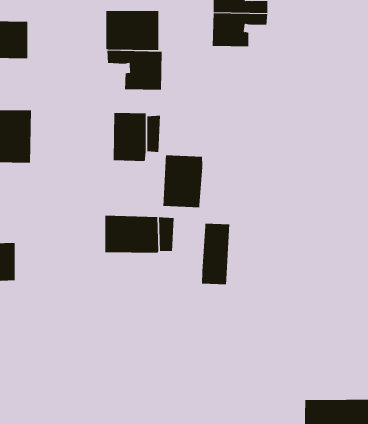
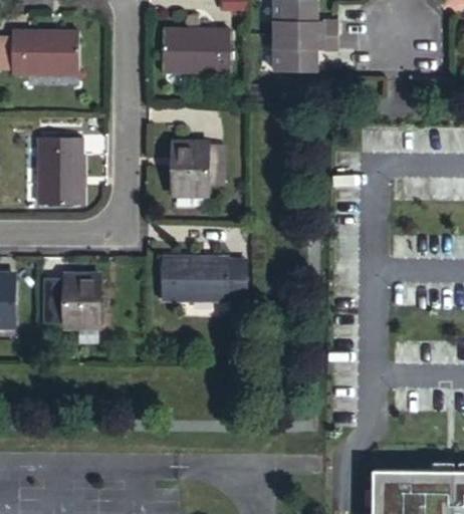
building: [107,50,162,90] -> none
building: [163,154,203,208] -> none
building: [202,223,230,285] -> none
building: none -> [63,281,103,331]

